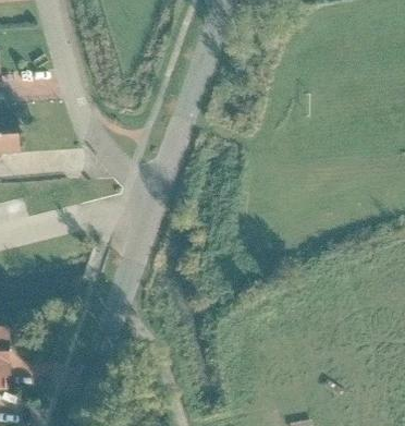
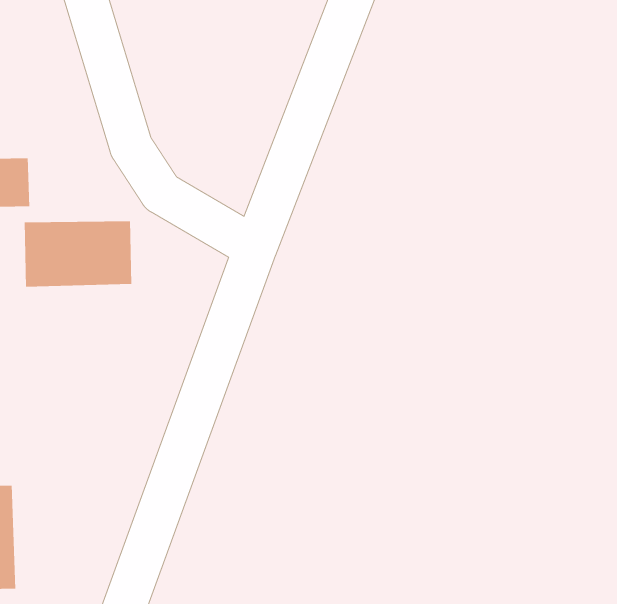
building: none -> [24,221,132,287]

